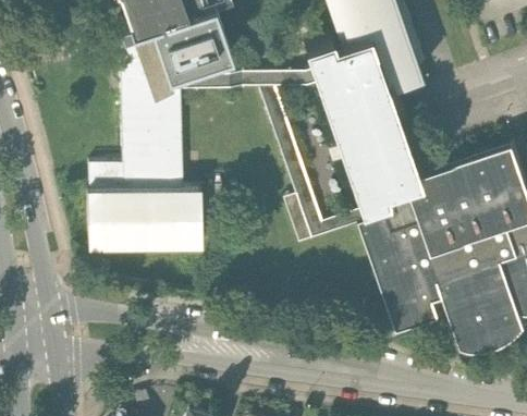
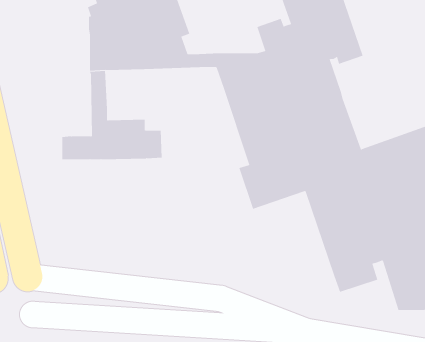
building: [138,88,182,144] -> none
building: [87,185,201,246] -> none

